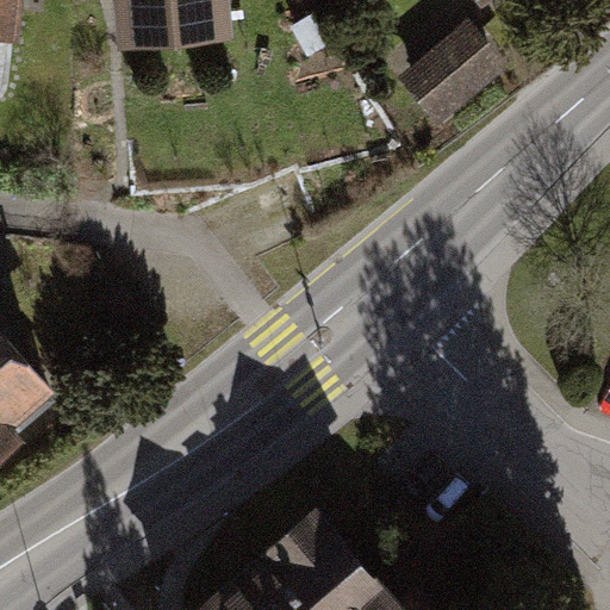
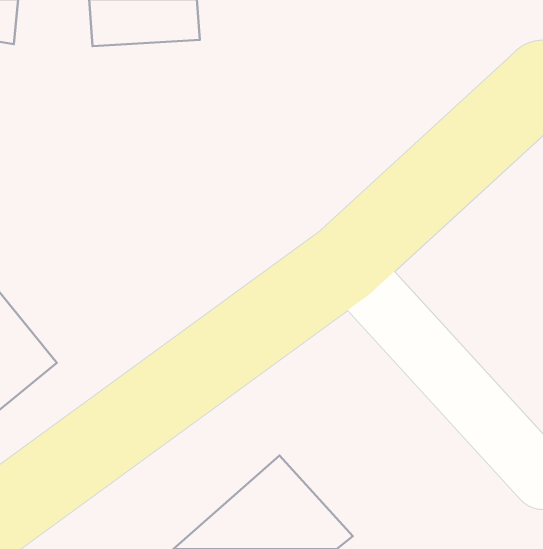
building: [397,20,506,125] -> none

